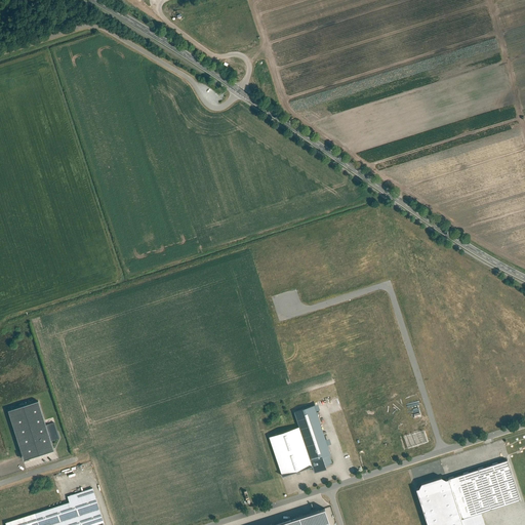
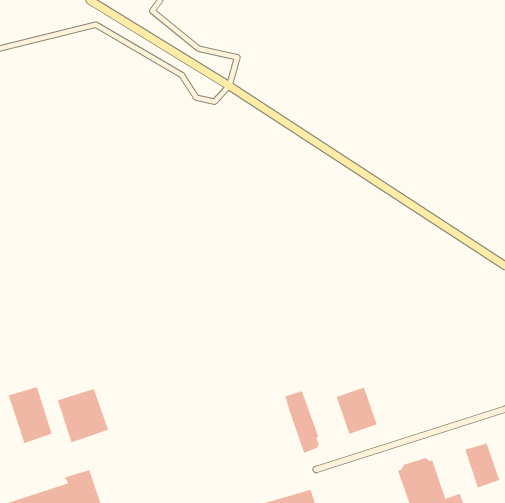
building: none -> [57,388,109,443]
building: [270,428,313,477] -> [336,387,377,434]
building: [449,469,495,519] -> none

